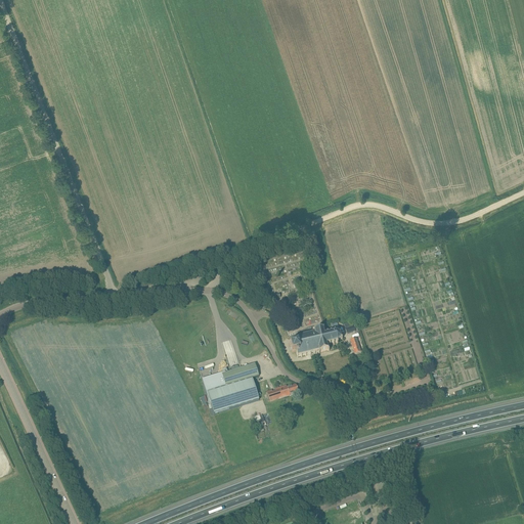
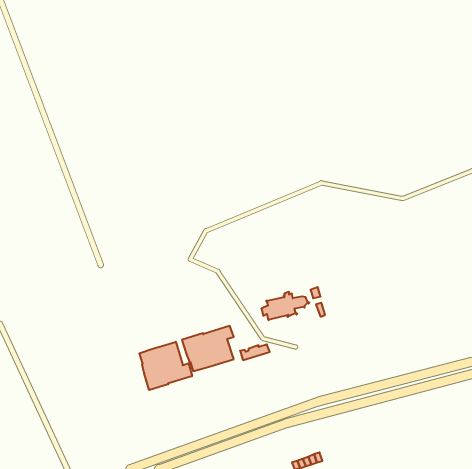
building: none -> [139,342,192,390]

